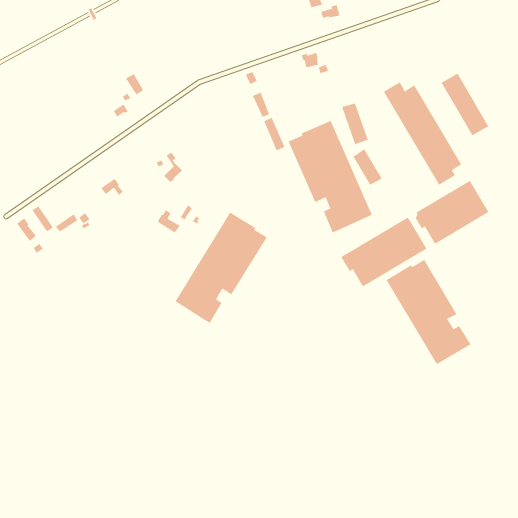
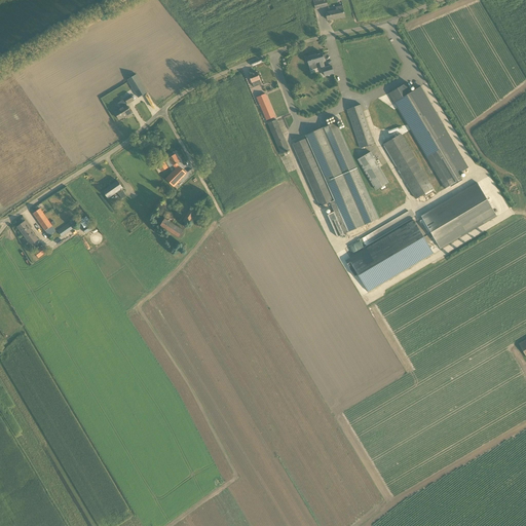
building: [441,72,489,136] -> [382,133,431,197]
building: [175,211,268,324] -> none
building: [386,259,472,365] -> none

